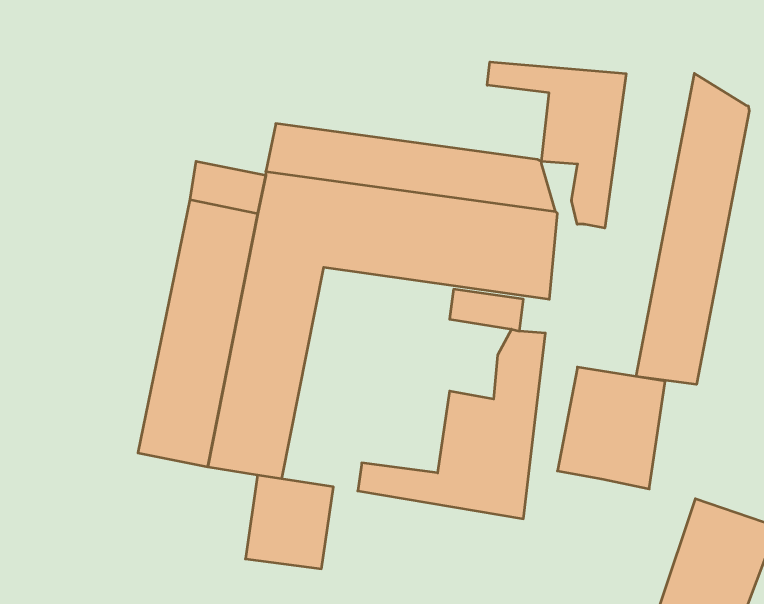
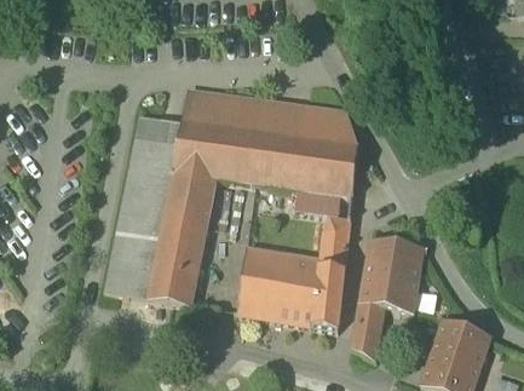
building: [487,62,626,228] -> none
building: [636,73,749,384] -> none
building: none -> [351,300,385,357]
building: [245,475,333,569] -> [240,245,293,301]

